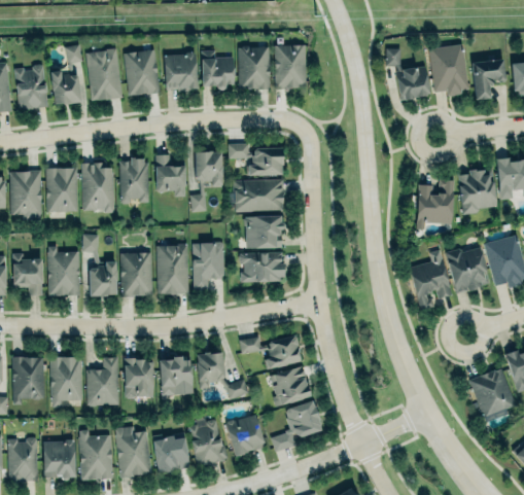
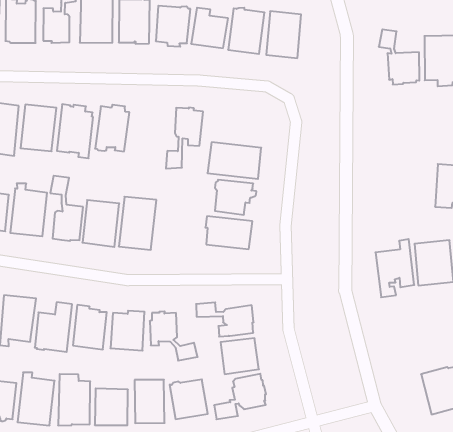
building: [229,142,282,176] -> none
building: [156,154,186,197] -> none
building: [416,179,454,229] -> none
building: [193,242,225,290] -> none

